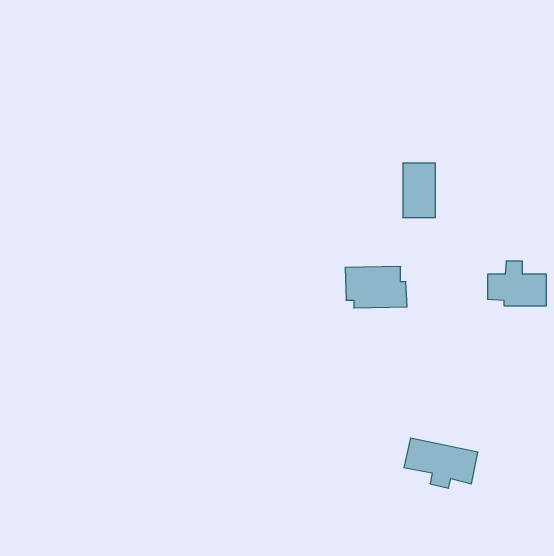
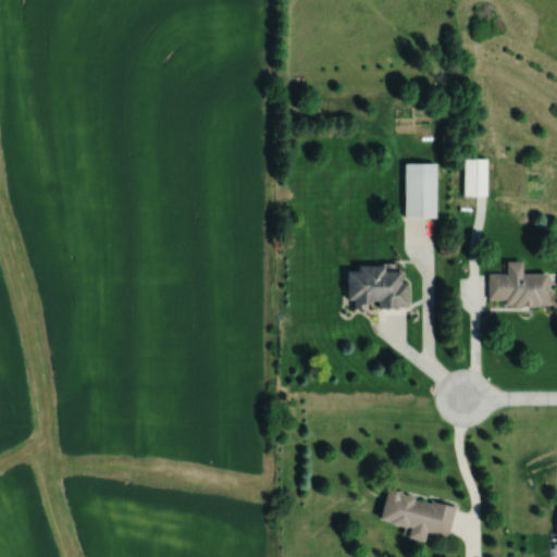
building: none -> [465,159,488,196]
building: [404,438,478,488] -> [381,492,455,542]

